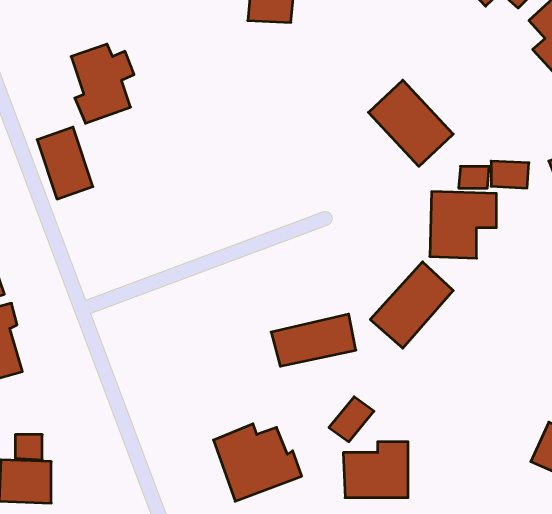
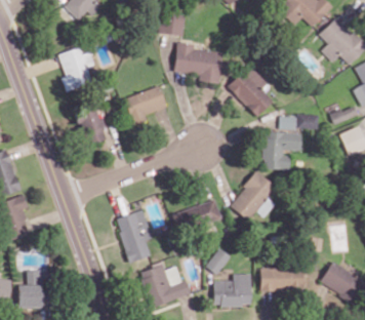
building: none -> [173,42,226,84]
building: none -> [124,86,166,125]
building: [37,127,93,199] -> [76,104,108,145]
building: none -> [115,209,153,263]
building: none -> [260,269,303,290]

